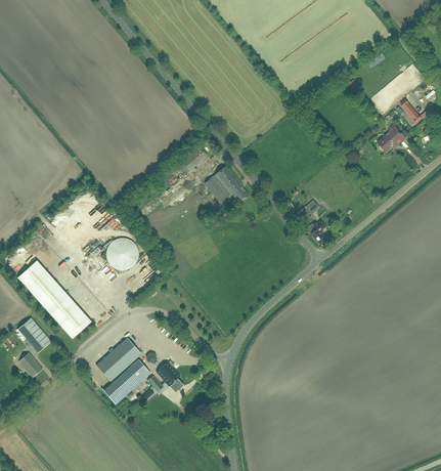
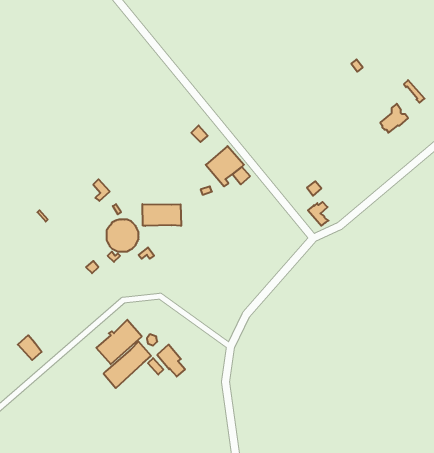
building: none -> [142,204,181,226]
building: [17,260,91,339] -> none
building: [18,317,51,352] -> none

